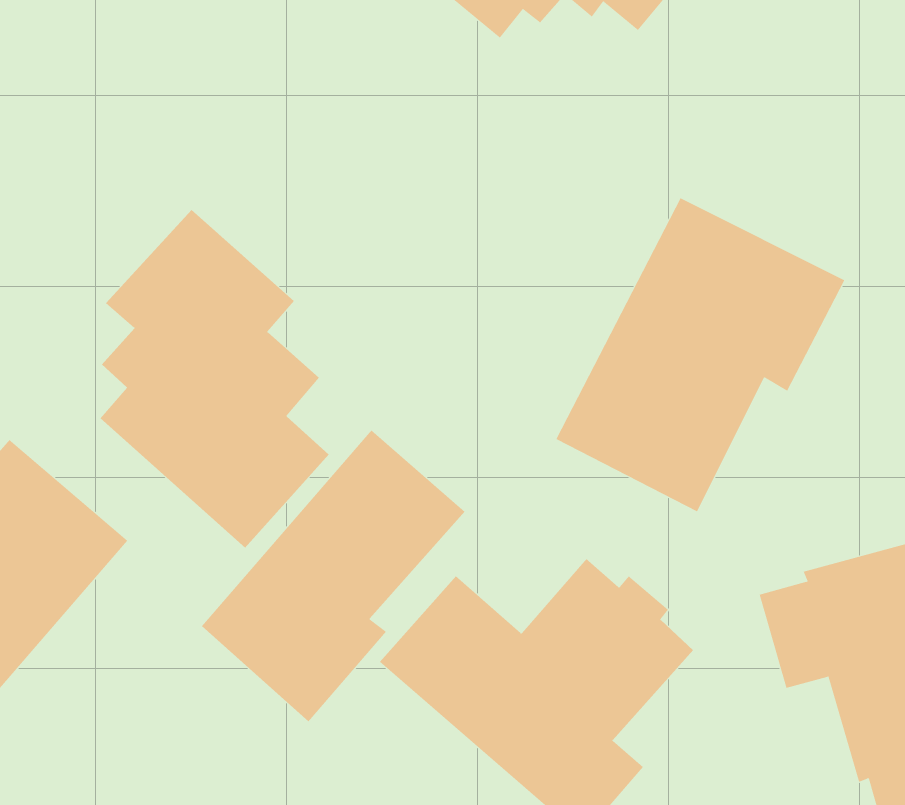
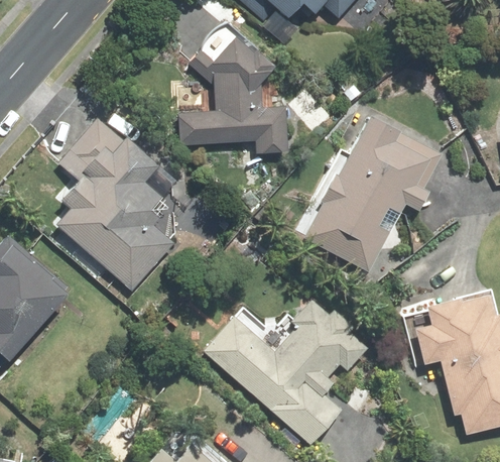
building: none -> [176,20,290,160]
building: [201,430,465,722] -> none

